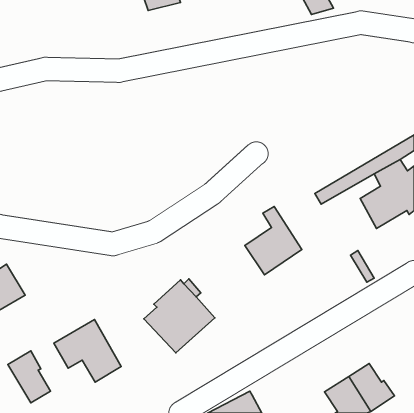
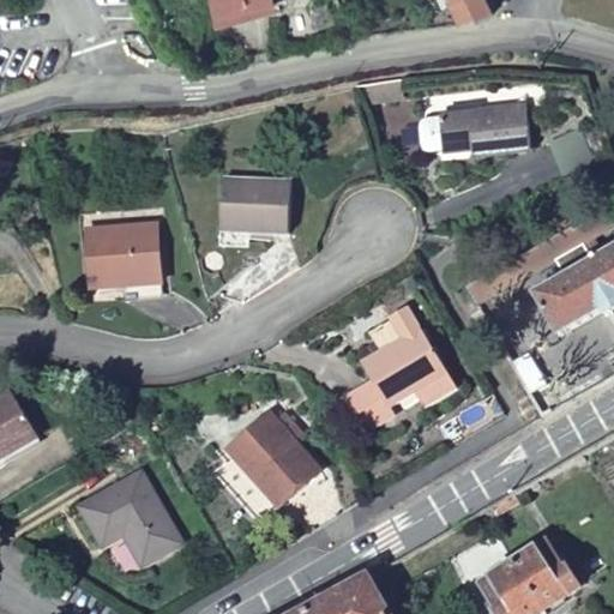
building: none -> [438,103,530,155]
building: none -> [219,176,290,234]
building: none -> [85,223,158,285]
building: none -> [344,380,395,432]
building: [8,351,51,403] -> none

